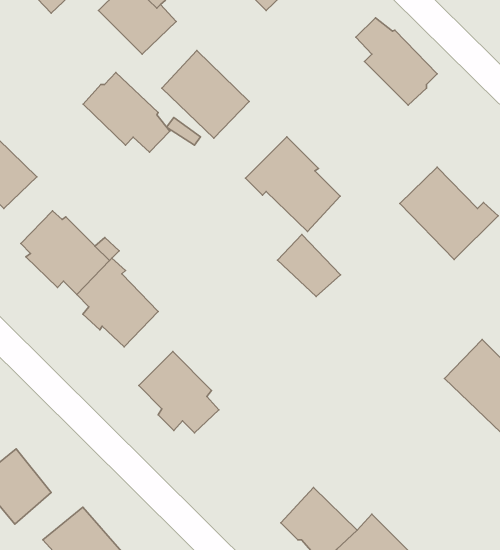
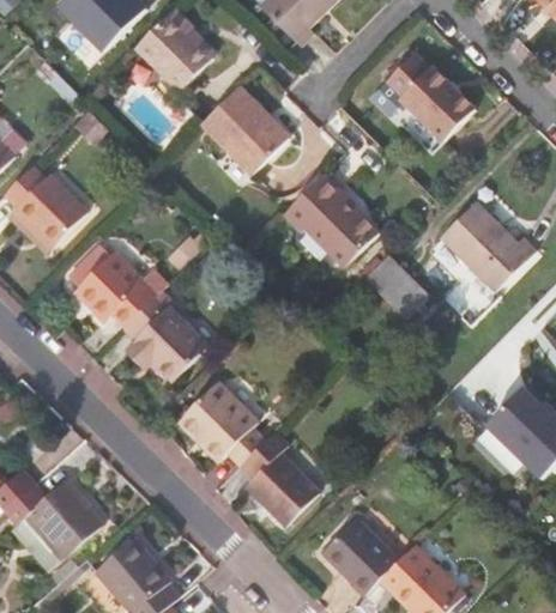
building: [83,73,170,152] -> none
building: [277,235,341,297] -> [365,254,428,315]
building: none -> [237,433,316,527]

